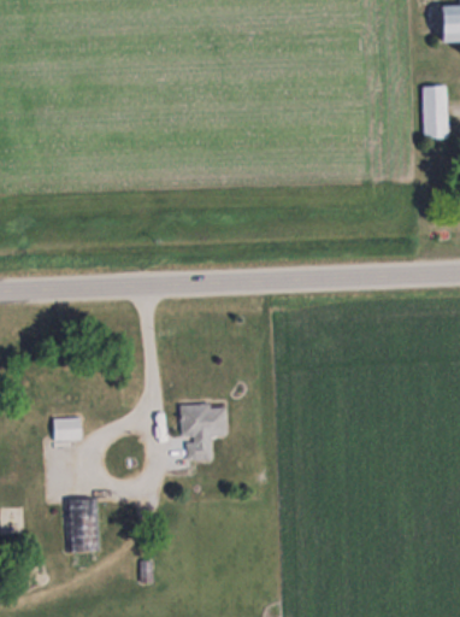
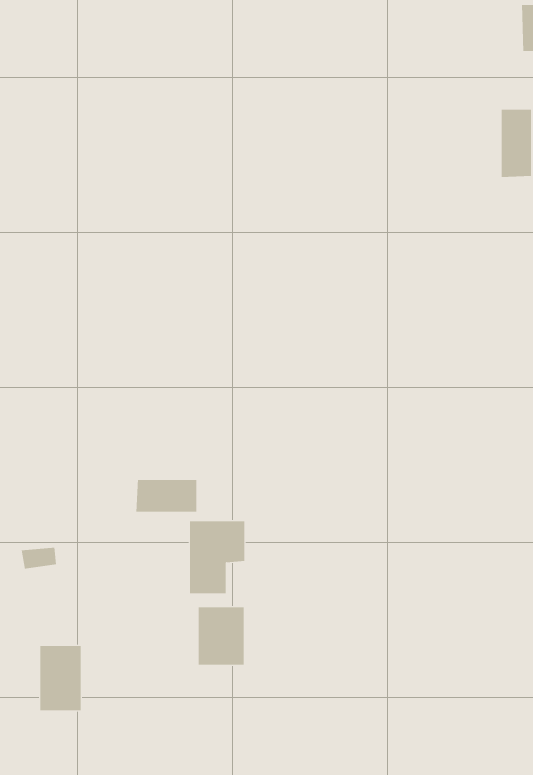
building: none -> [136,479,197,513]
building: none -> [198,607,244,665]

